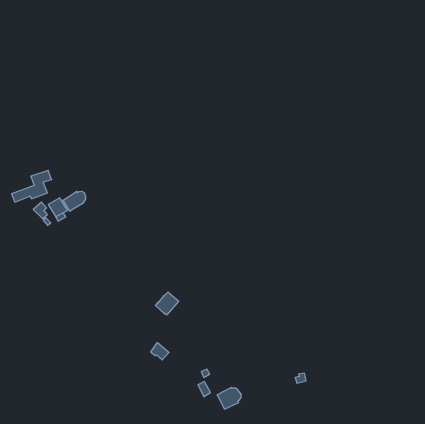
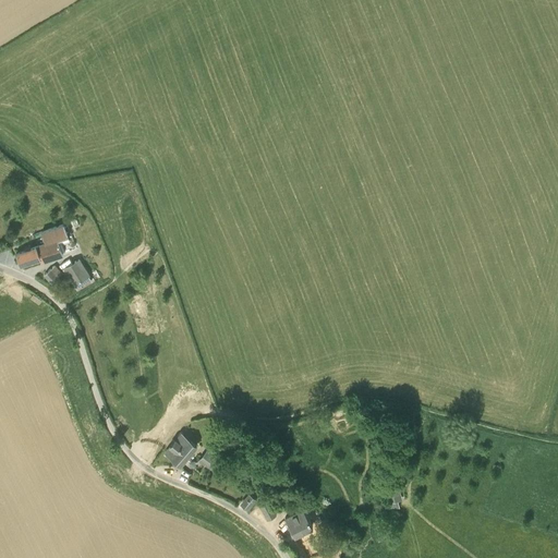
building: [63,191,86,211] -> none
building: [155,292,179,315] -> [165,436,195,465]

